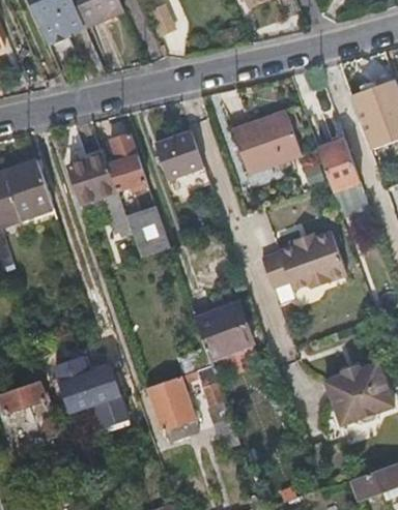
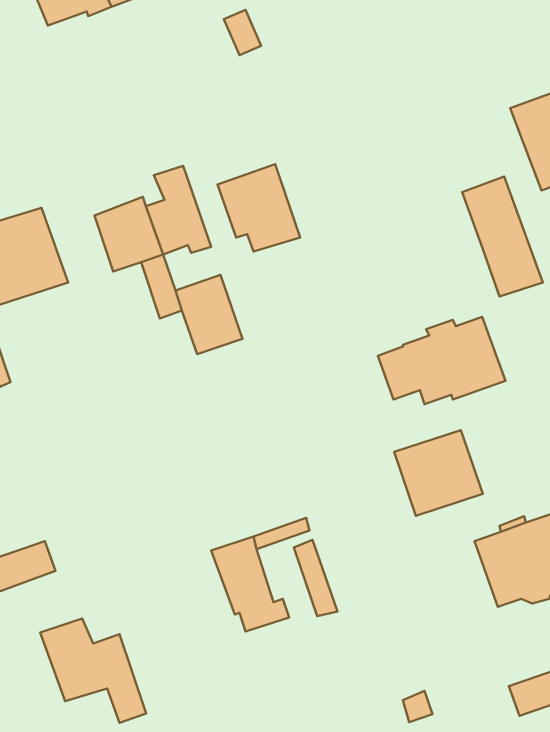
building: [233,112,302,170] -> none
building: [195,300,254,357] -> [394,430,483,516]
building: [61,355,132,424] -> [40,618,146,723]

